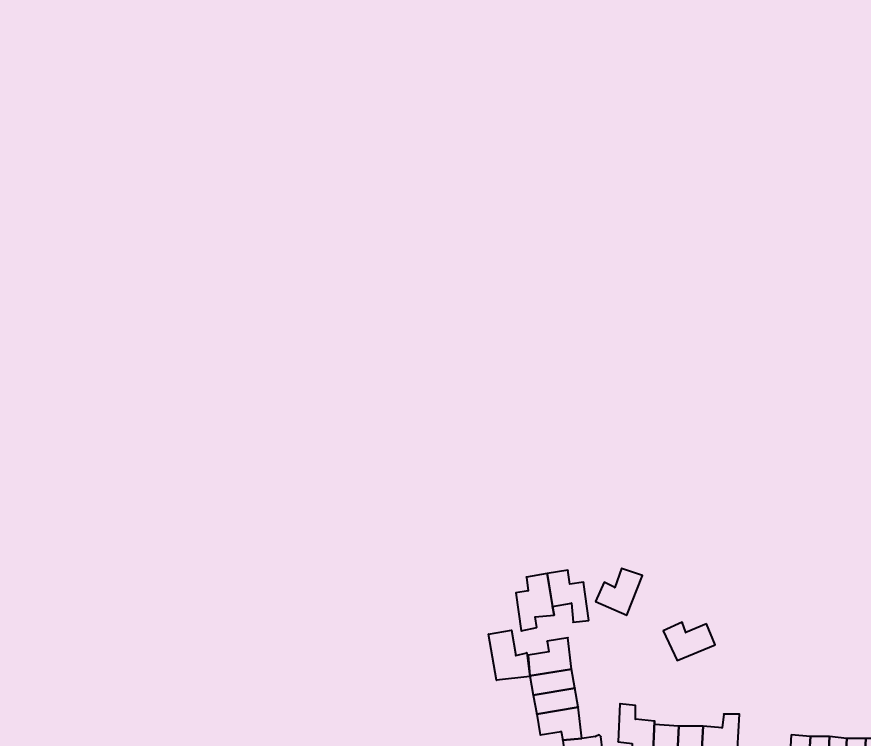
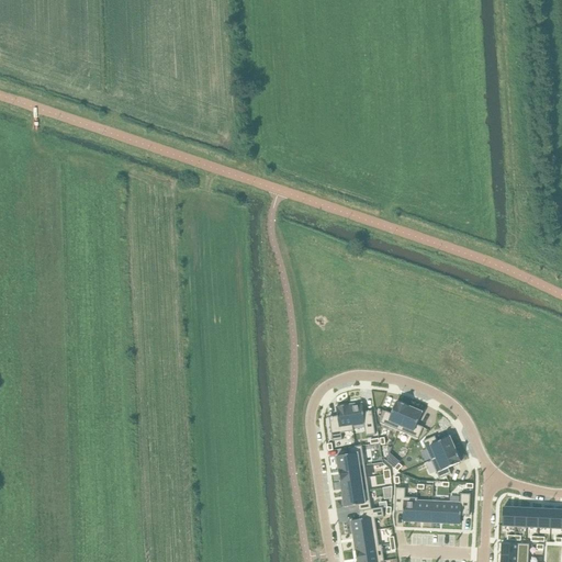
building: none -> [398,405,422,438]
building: [489,630,530,680] -> none
building: none -> [430,449,460,477]

